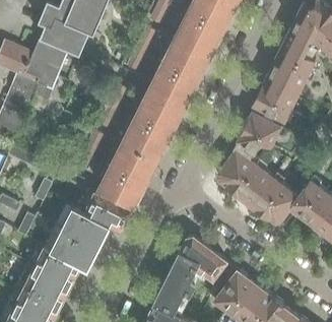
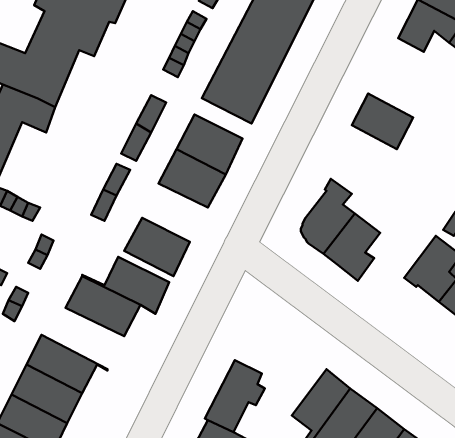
building: [267,45,315,99] -> none
building: [240,111,281,150] -> none
building: [112,143,156,183] -> none
building: [258,177,311,220] -> none
building: [44,228,99,269] -> none
building: [175,237,226,280] -> none

